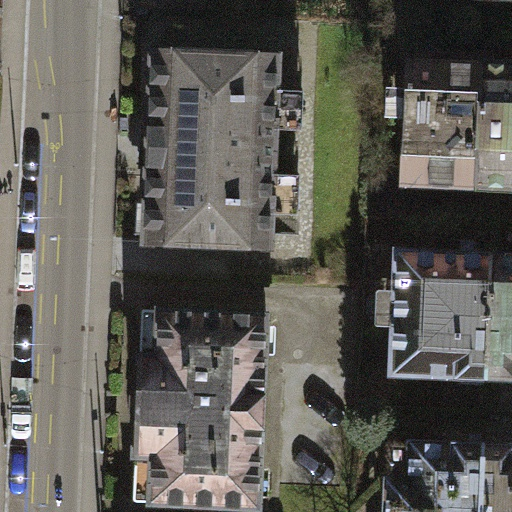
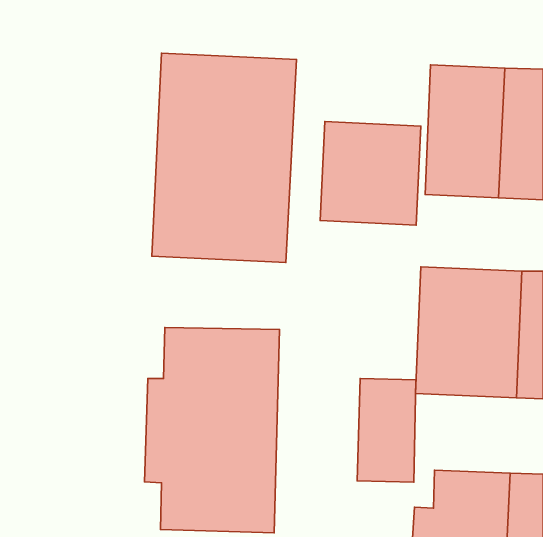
building: none -> [320,122,421,225]
building: none -> [357,378,416,482]

